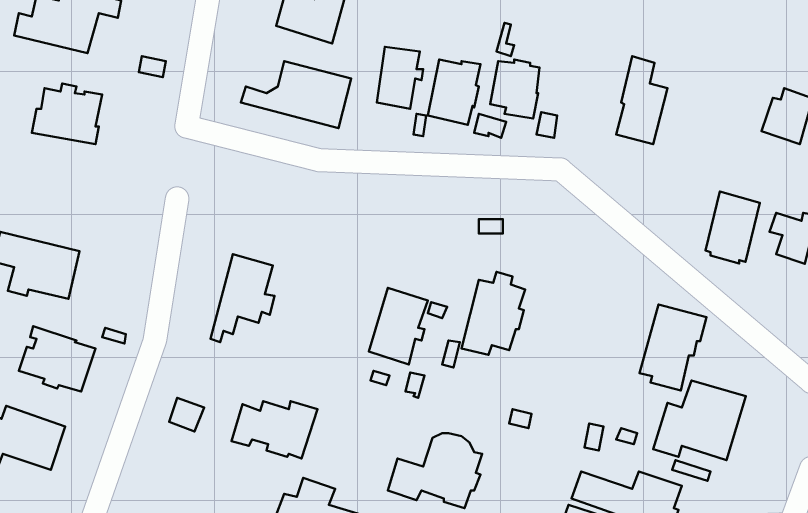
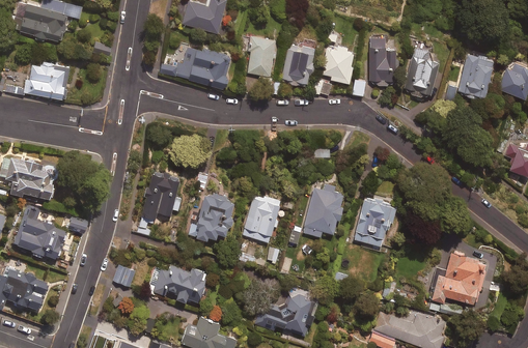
building: none -> [369,37,394,85]
building: [706,192,760,263] -> [455,54,491,100]
building: none -> [194,193,234,239]
building: [639,304,707,391] -> [353,196,396,252]

